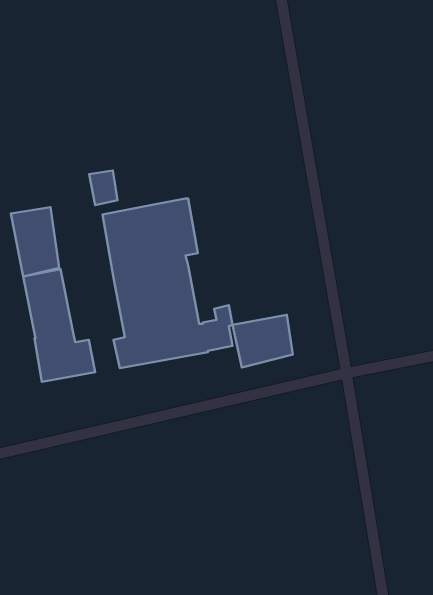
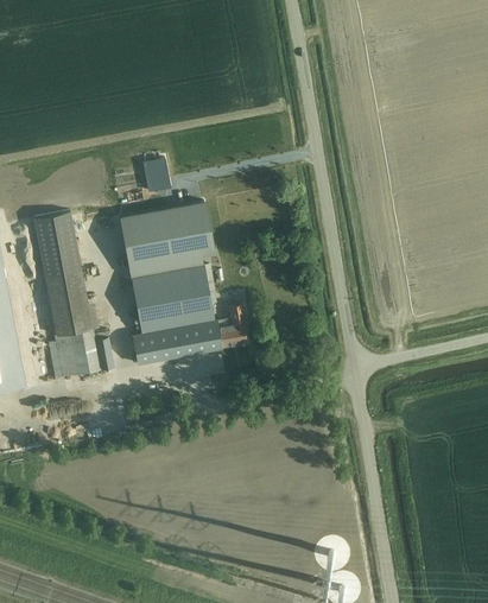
building: [89,170,118,205] -> [142,160,170,193]
building: [233,315,293,368] -> none

